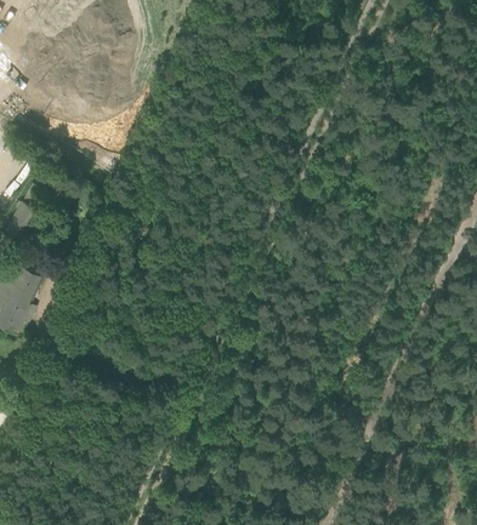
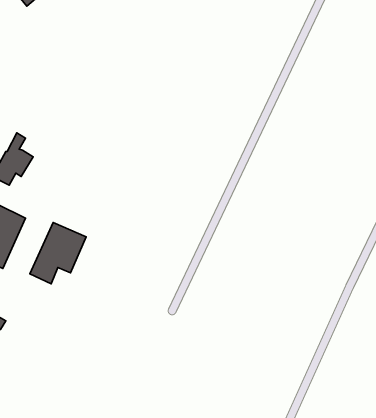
building: none -> [30,223,86,284]

